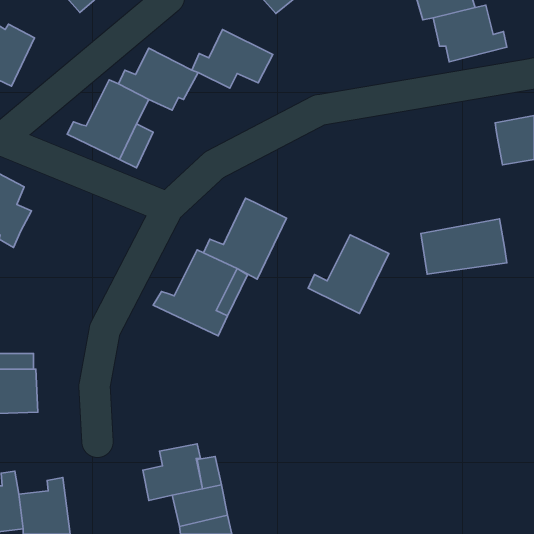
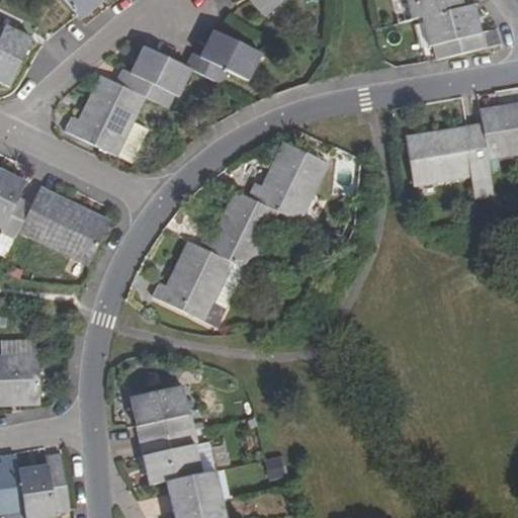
building: none -> [20,184,106,255]
building: [421,219,507,274] -> [404,132,487,185]
building: [308,235,389,313] -> [246,144,324,220]
building: none -> [126,384,190,435]

